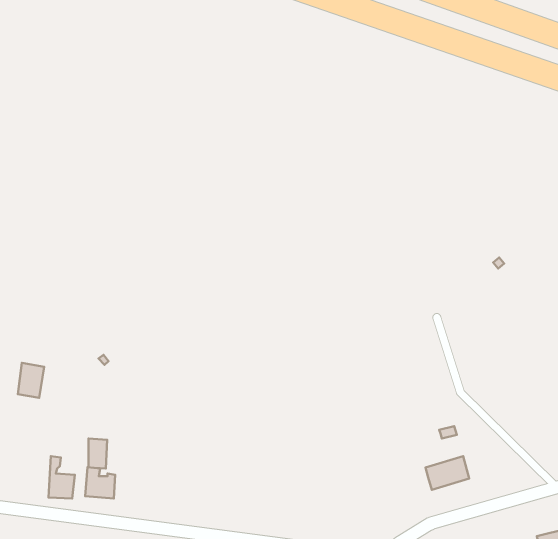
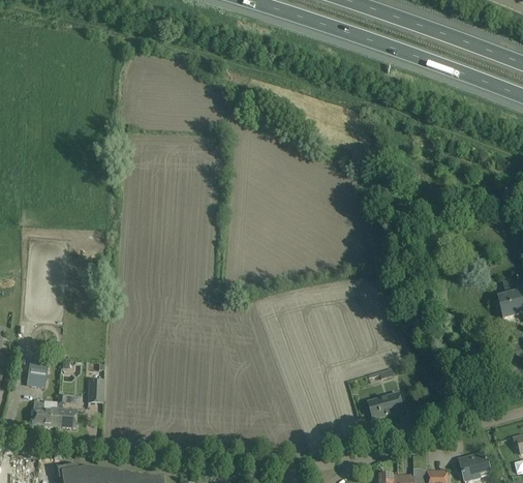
building: [18,363,44,398] -> [27,358,49,387]
building: [85,467,115,499] -> [32,400,57,426]

